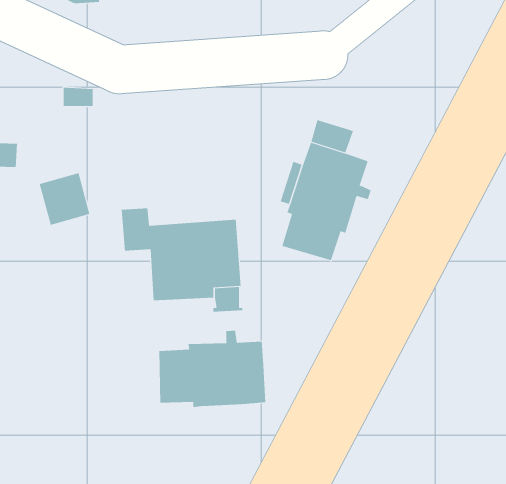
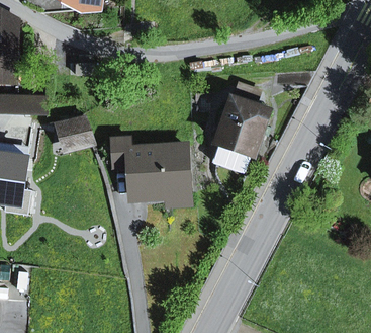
building: [159,330,266,408] -> none

